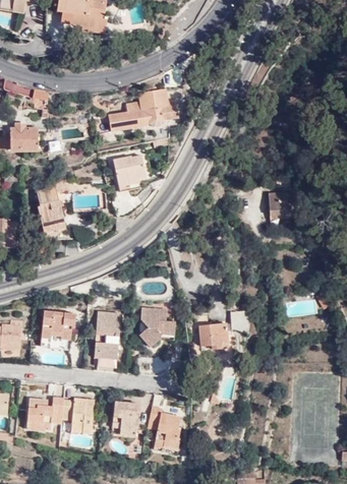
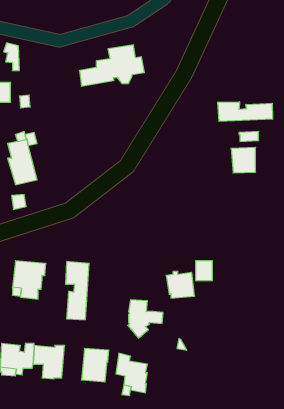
building: none -> [218,102,272,121]
building: [113,153,146,187] -> none
building: [138,308,175,348] -> [128,300,163,338]

